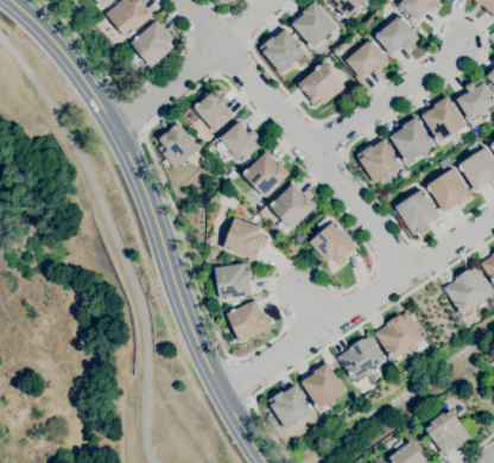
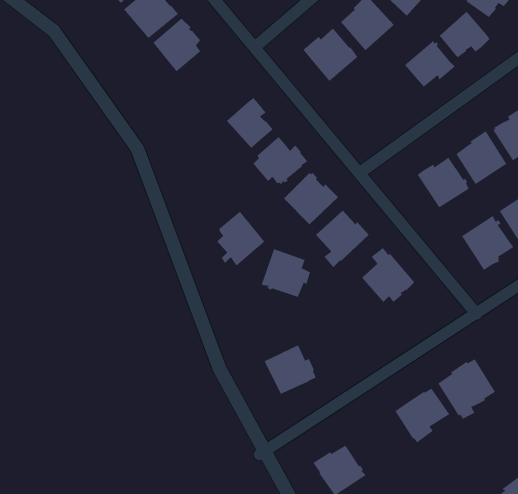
building: [297,62,344,104] -> none
building: [158,122,200,170] -> [217,211,265,267]
building: [215,261,252,299] -> none
building: [300,362,346,408] -> none

